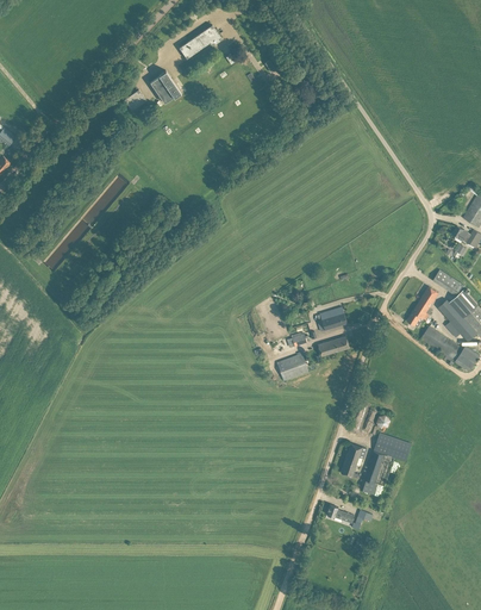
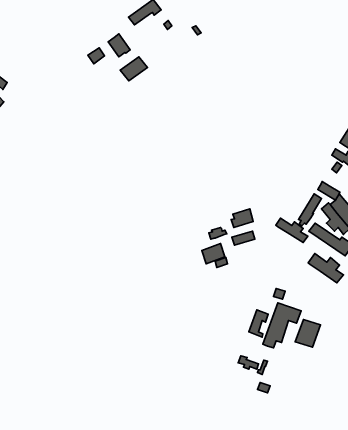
building: none -> [120,57,147,81]
building: none -> [276,218,308,242]
building: none -> [308,254,344,283]
building: none -> [295,320,320,347]

